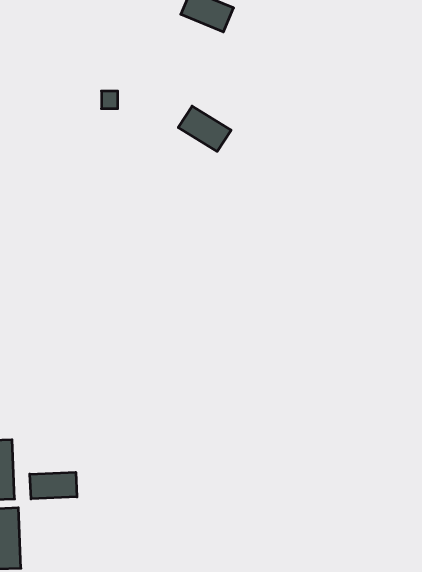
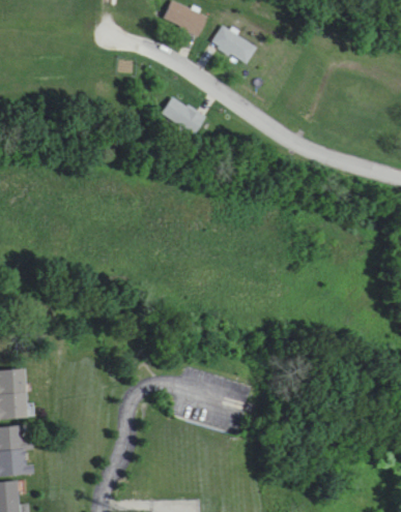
building: none -> [210,25,256,65]
building: [30,472,77,499] -> none

